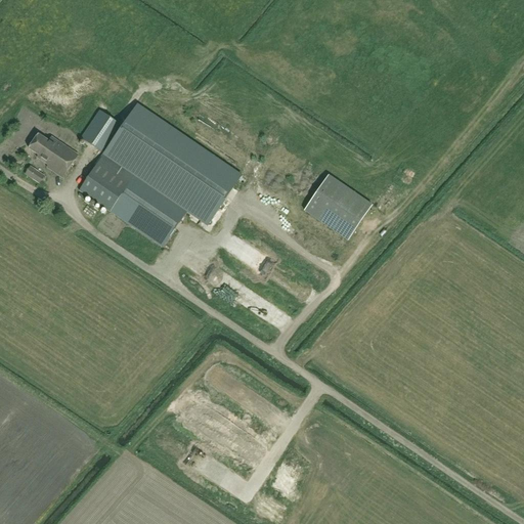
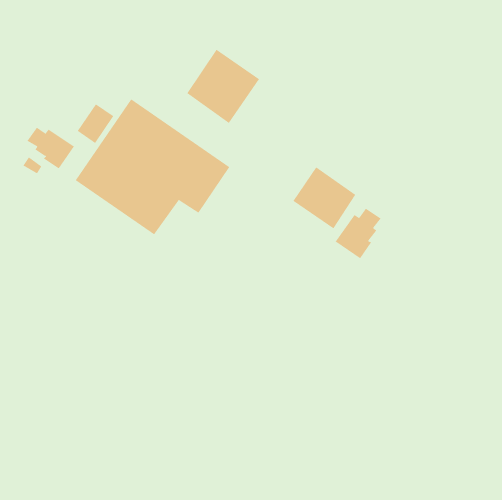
building: none -> [187,49,260,124]
building: none -> [335,208,381,259]

